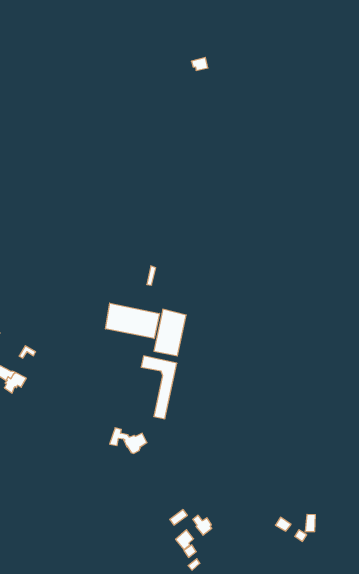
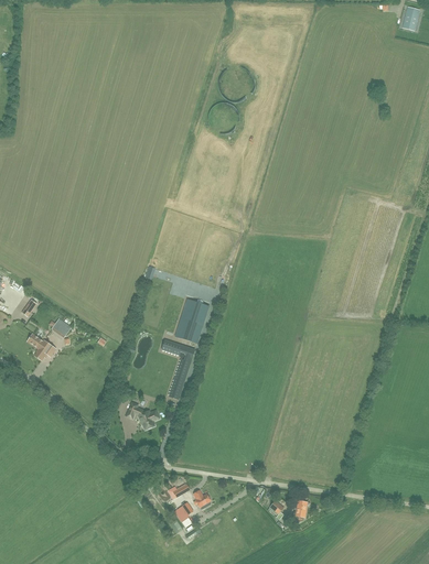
building: [106,303,159,339] -> none

